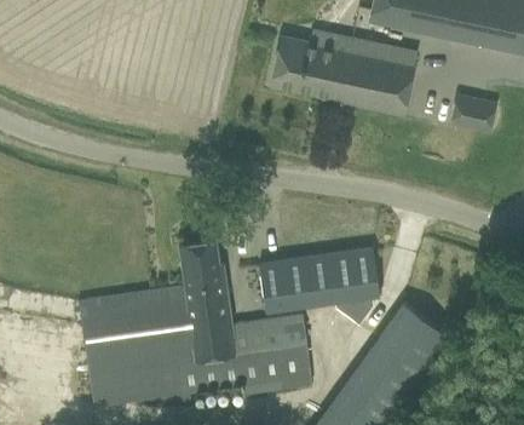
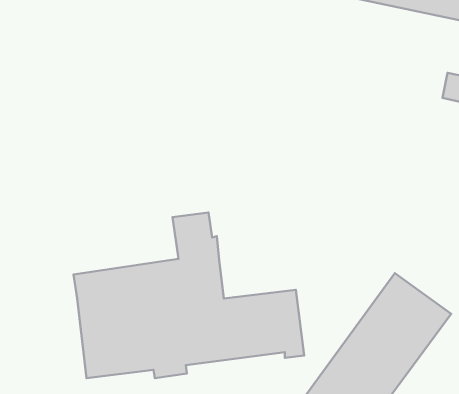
building: [272,35,416,113] -> none
building: [259,248,380,326] -> none

